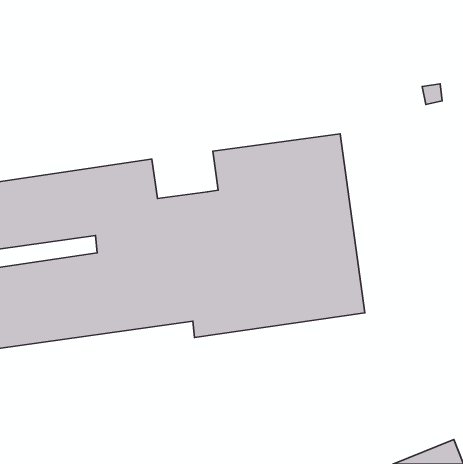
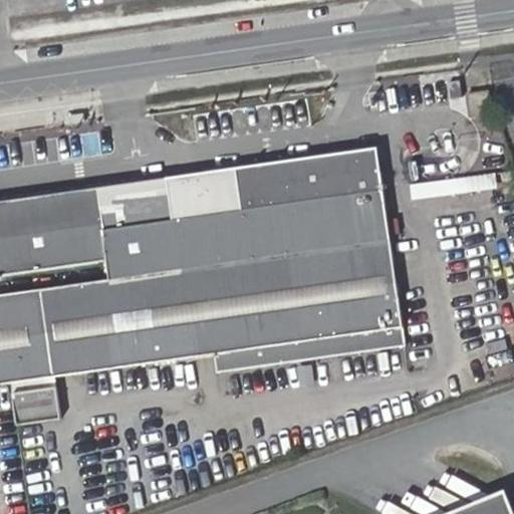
building: none -> [167,167,241,219]
building: none -> [11,388,59,425]

